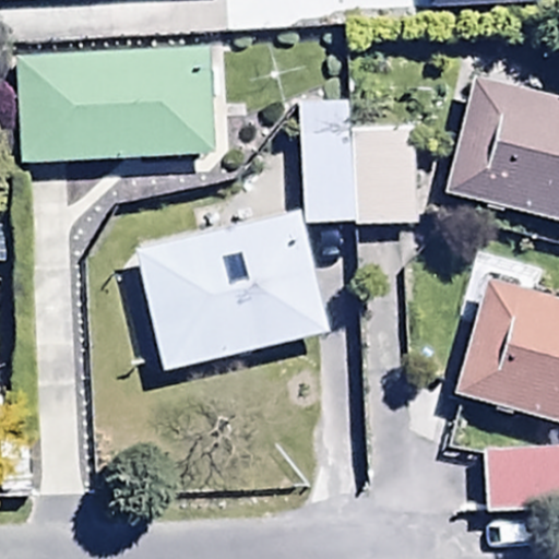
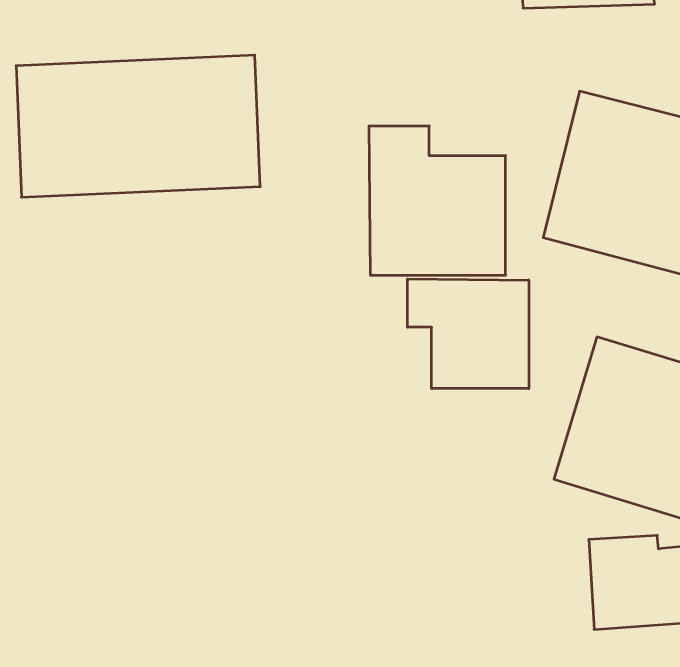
building: [136,213,325,371] -> none
building: none -> [408,279,529,389]

